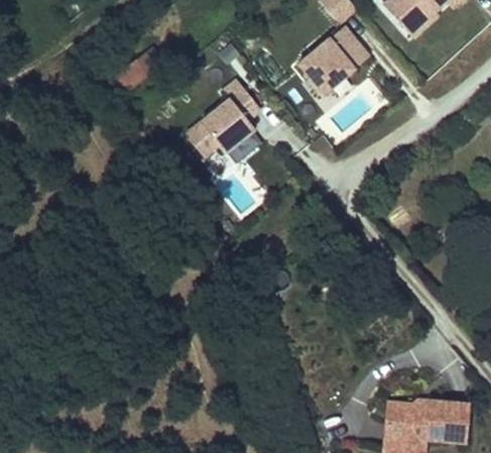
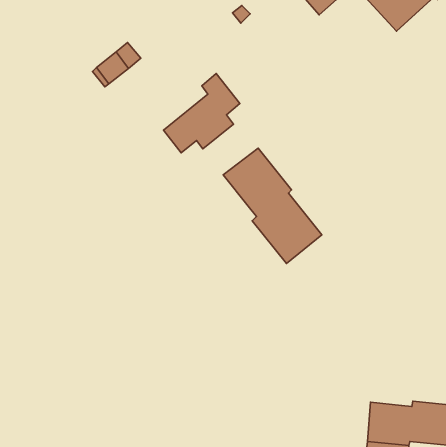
building: [298,25,368,93] -> none
building: none -> [223,148,322,263]

